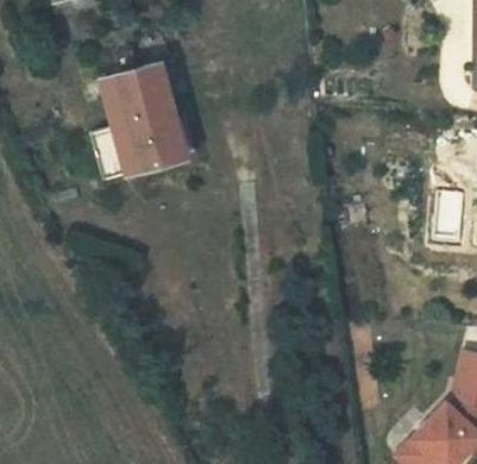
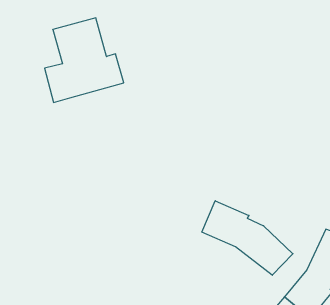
building: none -> [202,201,293,275]

